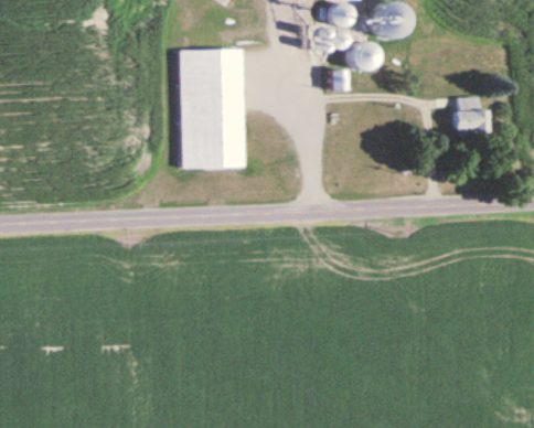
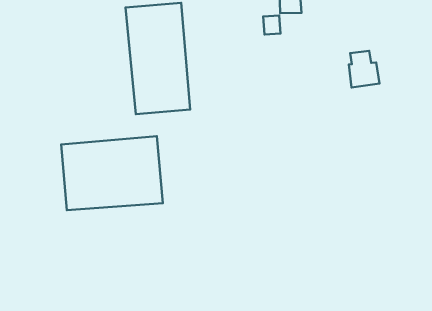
building: [455,97,487,136] -> [349,51,380,88]
building: none -> [61,136,163,210]

